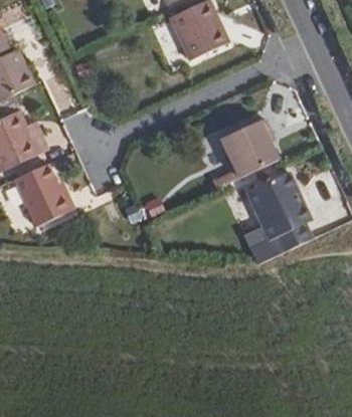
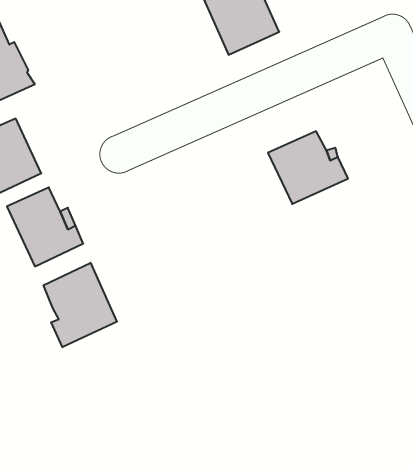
building: [248,172,314,269] -> none
building: none -> [44,263,117,347]

